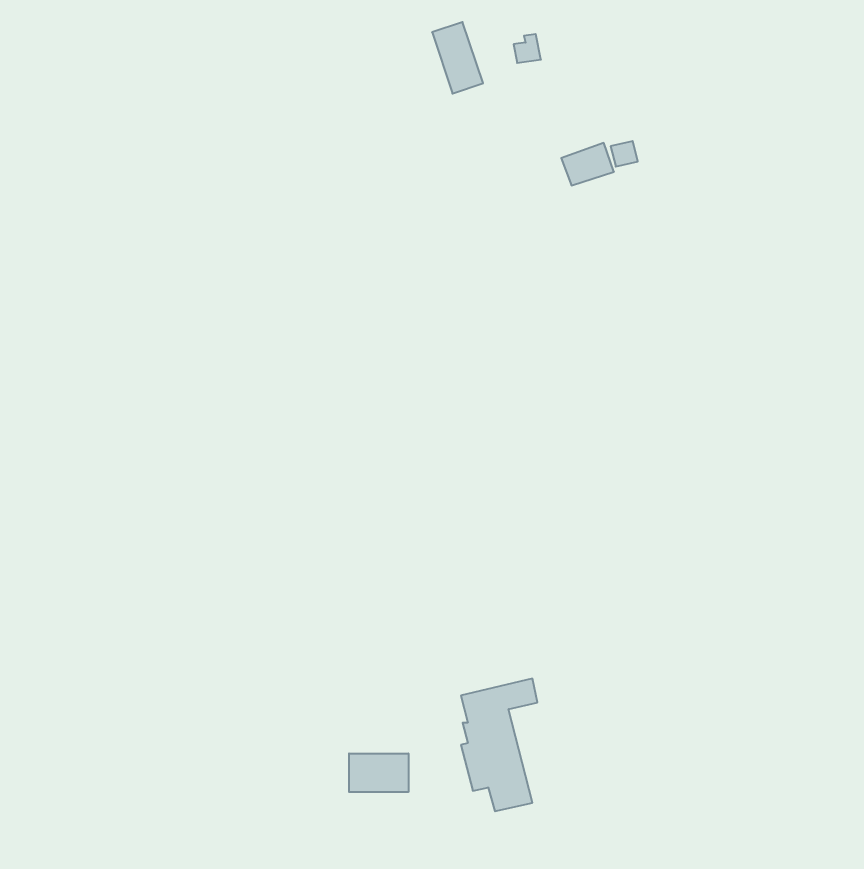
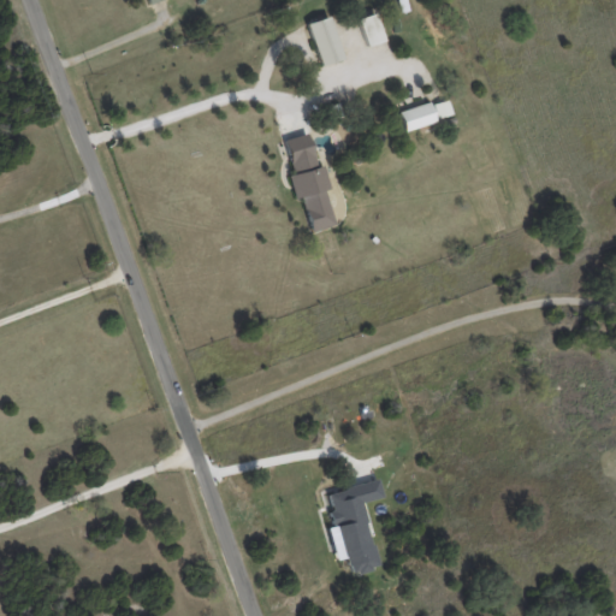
building: none -> [286,134,337,232]
building: [349,753,408,792] -> none

